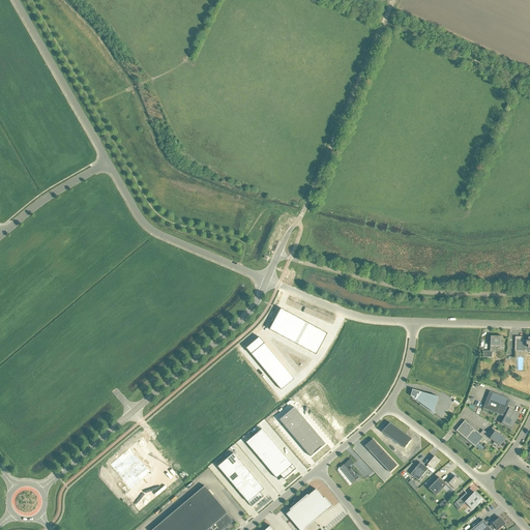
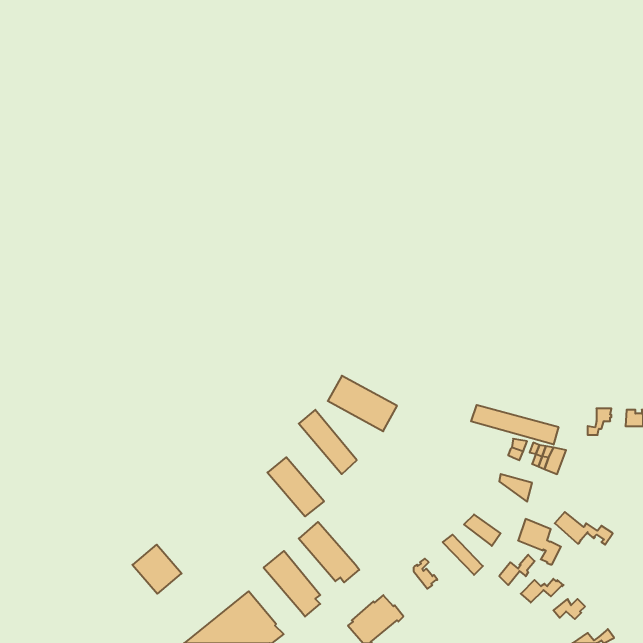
building: none -> [471,405,558,445]
building: [482,390,518,428] -> [518,519,561,564]
building: [278,407,325,455] -> [267,457,324,516]

